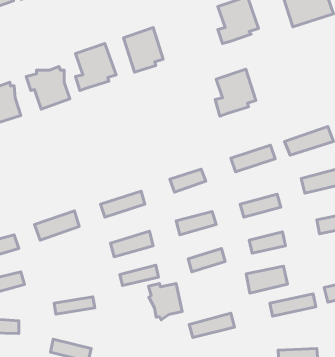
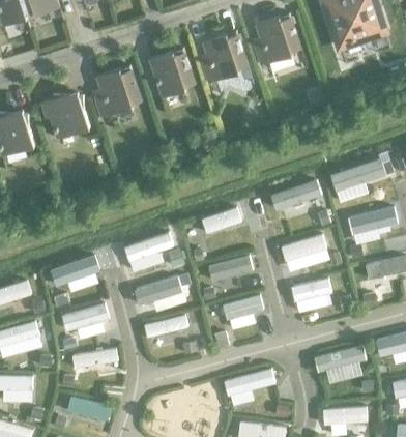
building: [215,69,256,116] -> [201,31,247,84]
building: none -> [61,302,109,330]
building: [246,266,288,293] -> none
building: [149,283,182,320] -> none

